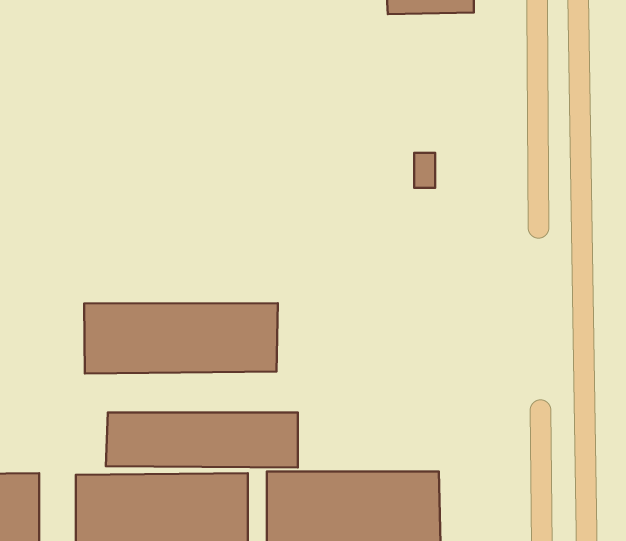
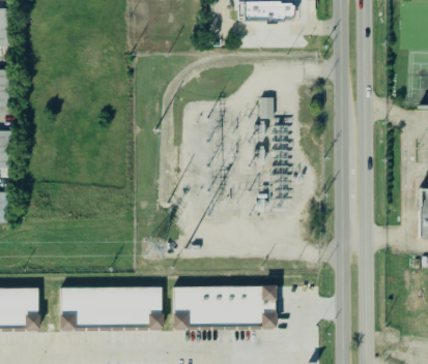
building: [84,303,278,373] -> none
building: [106,412,298,468] -> none

